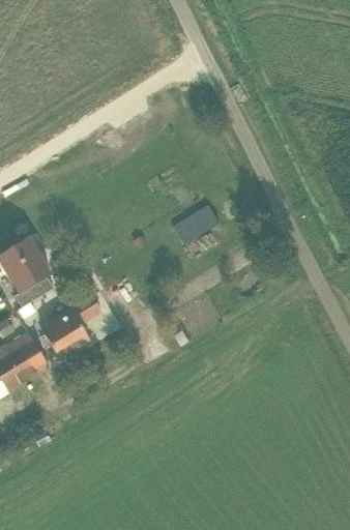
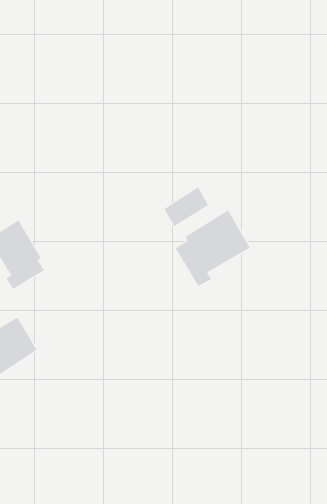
building: none -> [175,210,251,287]
building: [43,293,100,357] -> none

